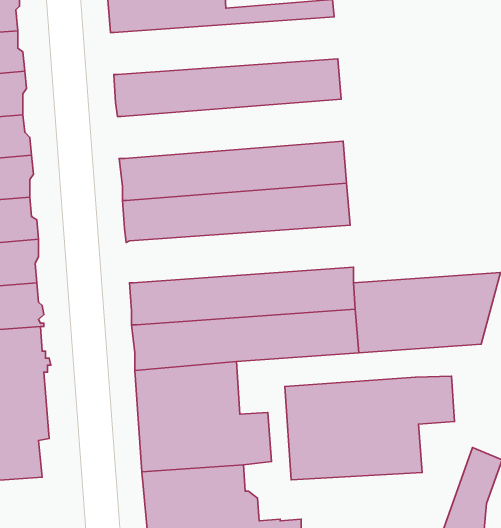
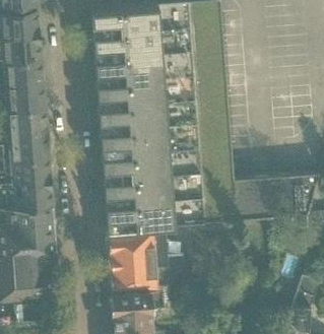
building: none -> [92,25,224,59]
building: none -> [96,73,228,108]
building: none -> [102,146,234,180]
building: [285,376,455,480] -> none

